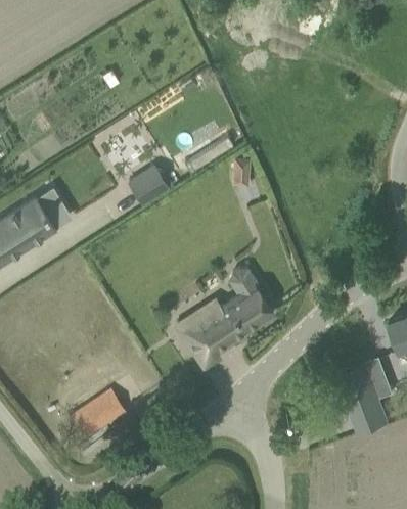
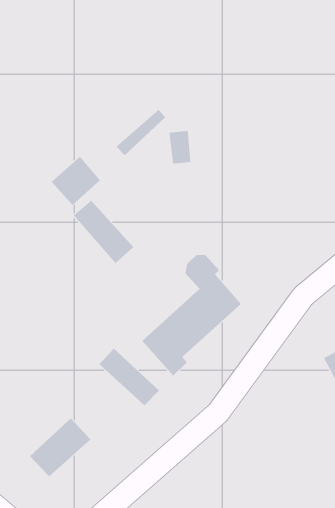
building: none -> [73,200,134,264]
building: none -> [98,348,160,406]

